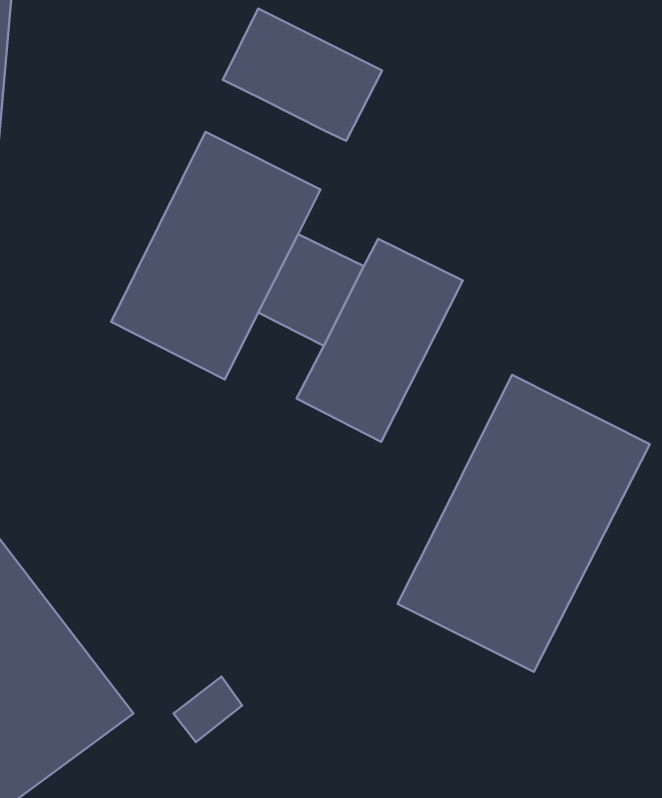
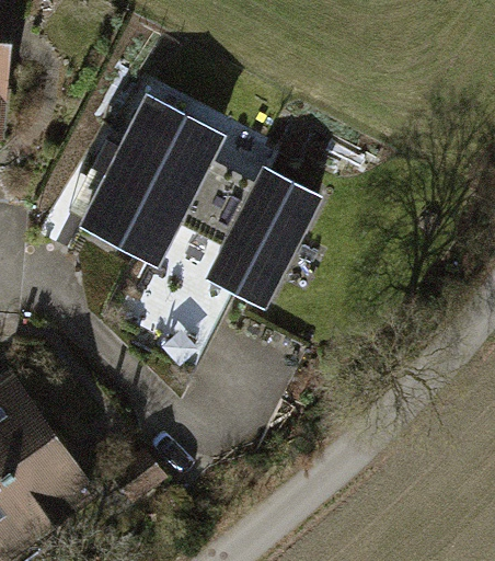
building: [223,8,382,141] -> none
building: [398,375,650,672] -> none

